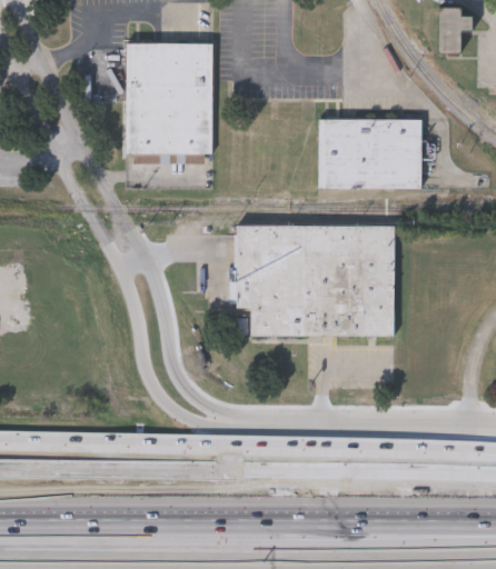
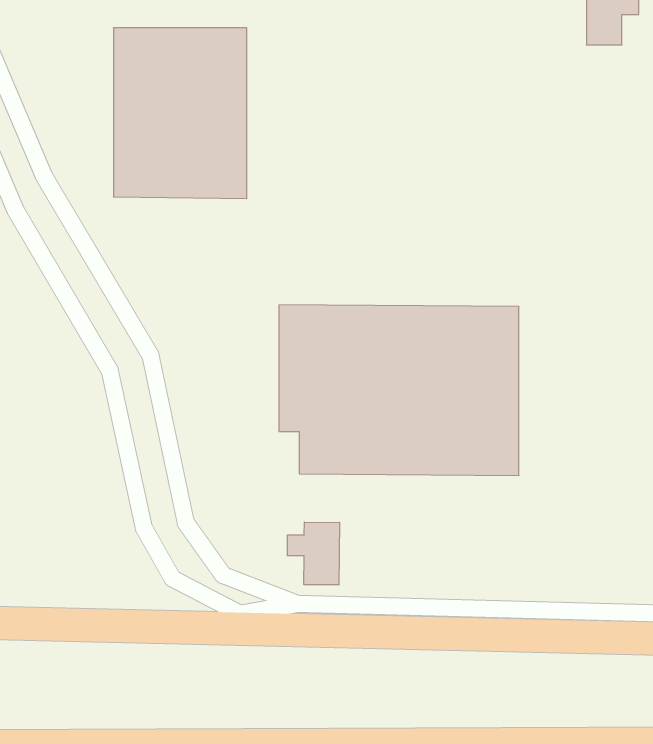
building: [320,118,423,189] -> none
building: none -> [287,522,339,585]

